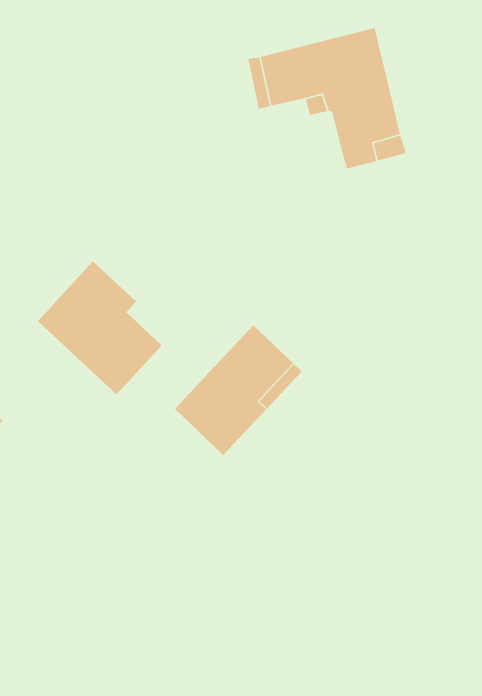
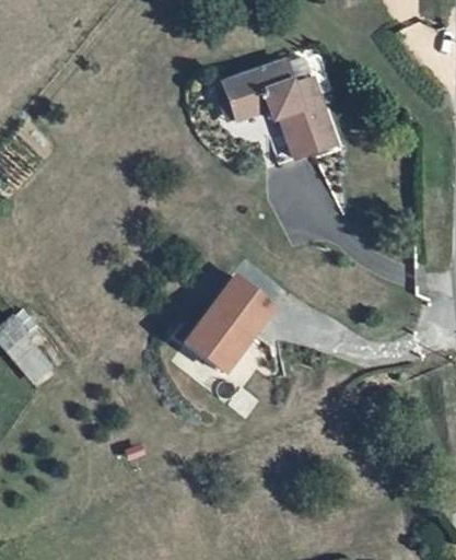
building: [37,261,163,395] -> none

